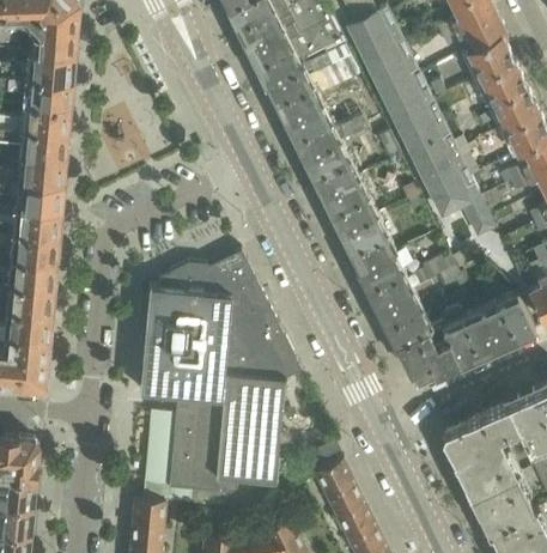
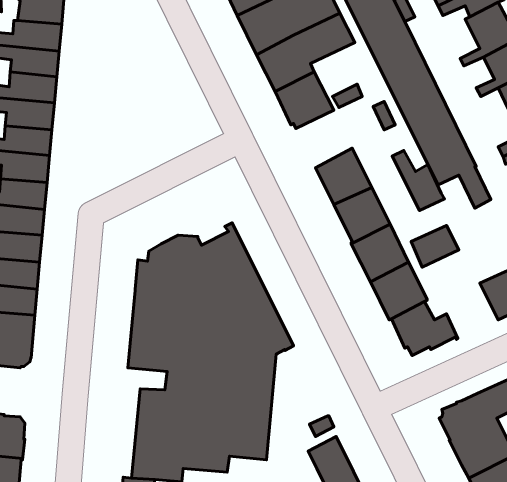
building: [303,142,358,199] -> none
building: none -> [392,151,444,210]
building: [445,311,500,365] -> none

